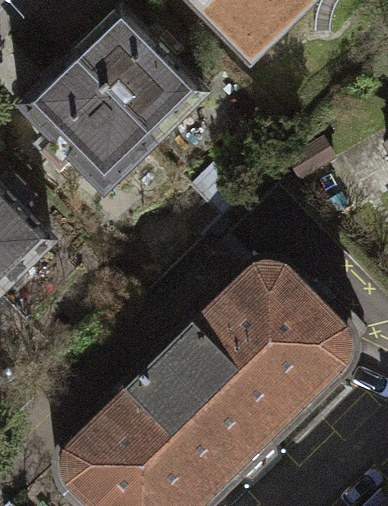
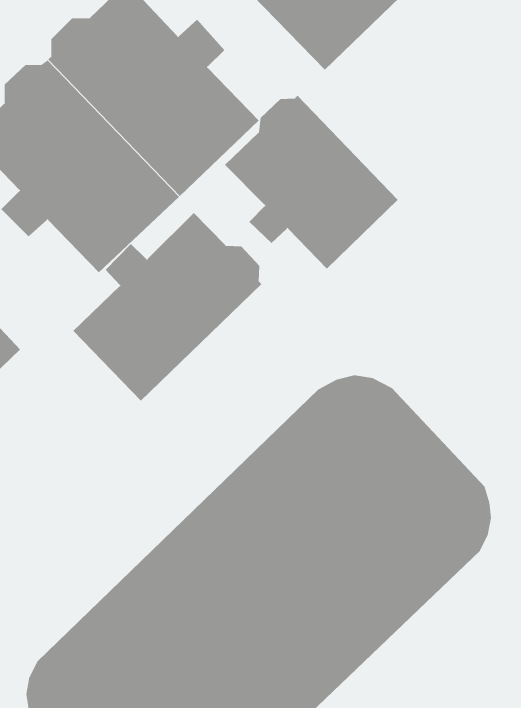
building: none -> [224,95,399,269]
building: none -> [73,212,262,401]

